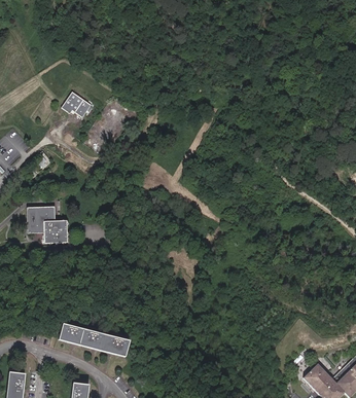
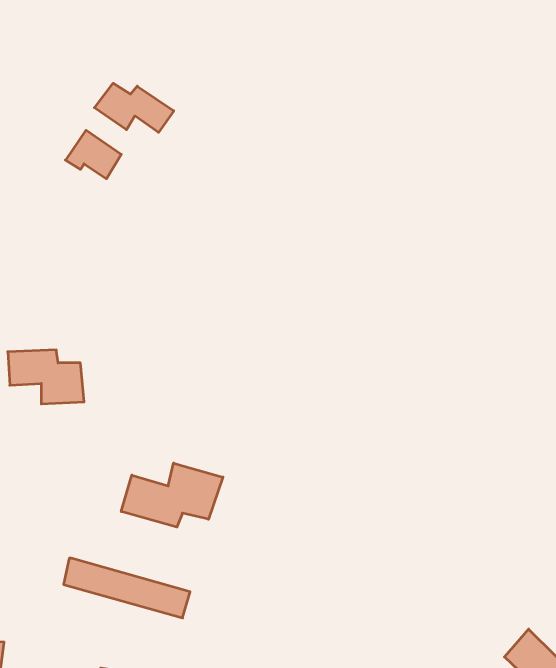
building: none -> [94,83,174,132]
building: none -> [121,463,223,527]

